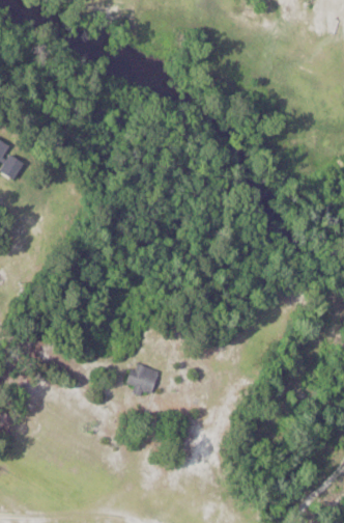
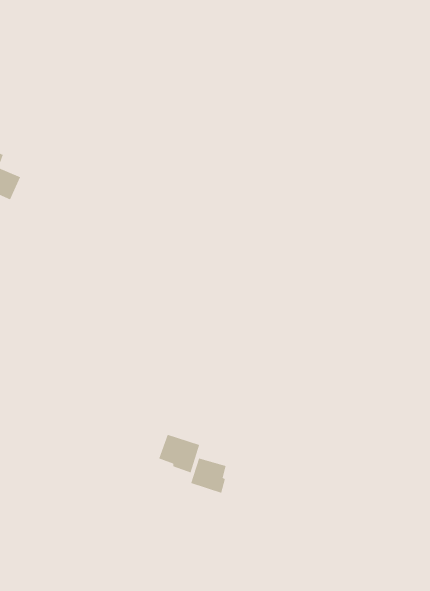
building: none -> [190,457,227,494]

